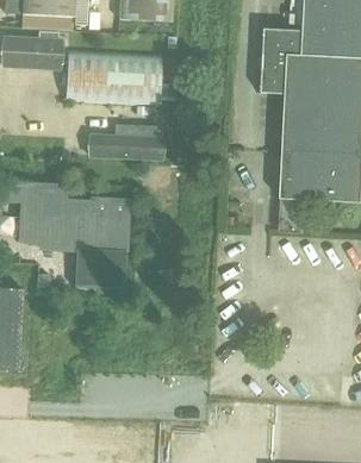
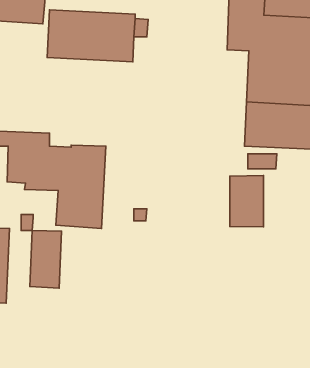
building: [89,123,163,159] -> none
building: none -> [230,175,263,227]
building: none -> [30,231,62,288]

